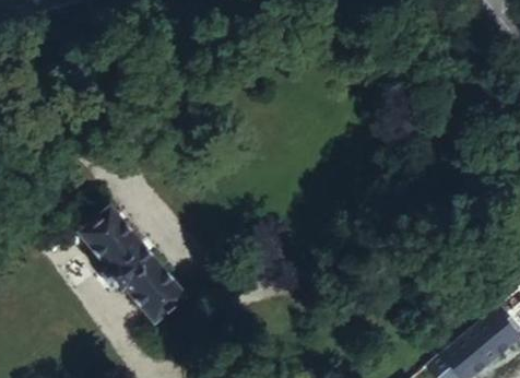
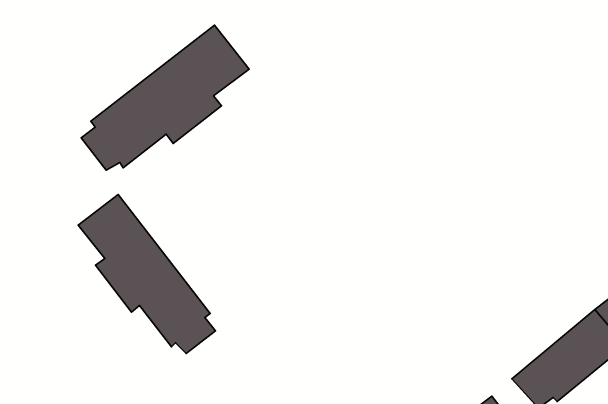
building: none -> [81,25,249,170]

